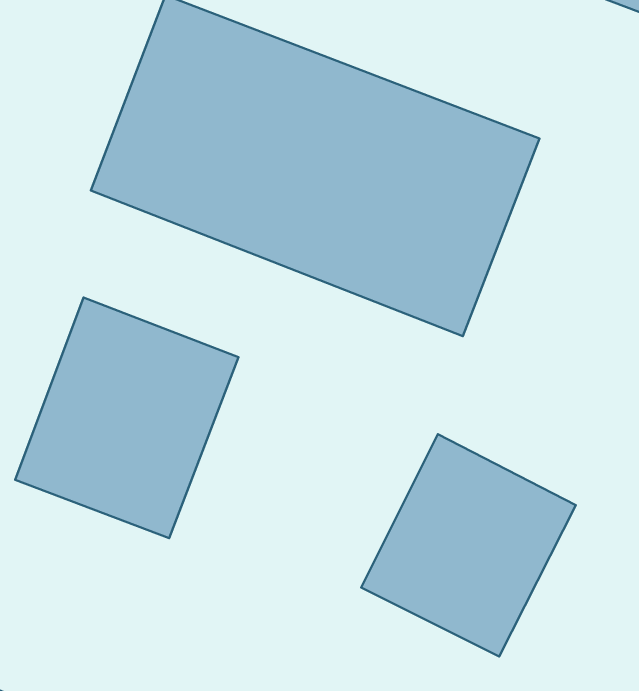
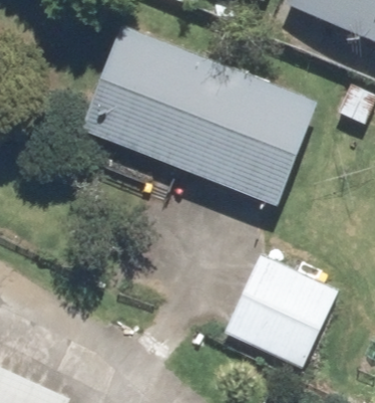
building: [15,297,239,538] -> none

